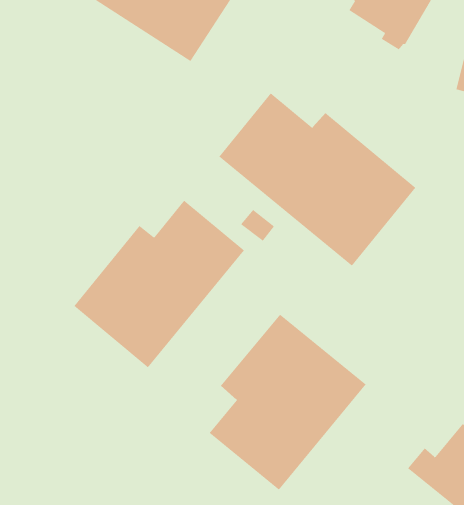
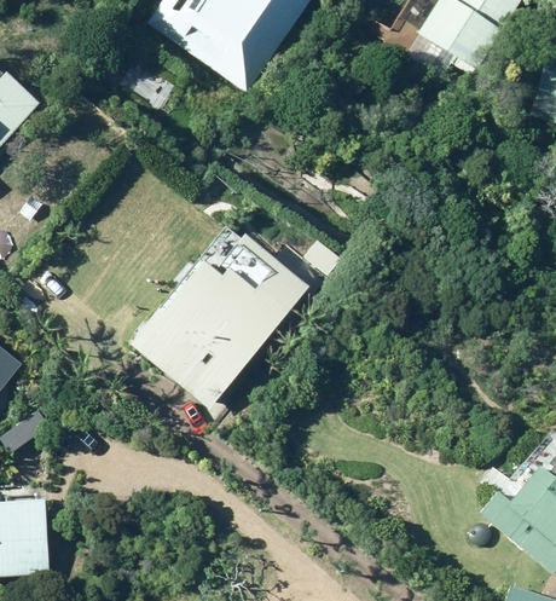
building: [218,92,416,267] -> none
building: [209,314,366,490] -> none

